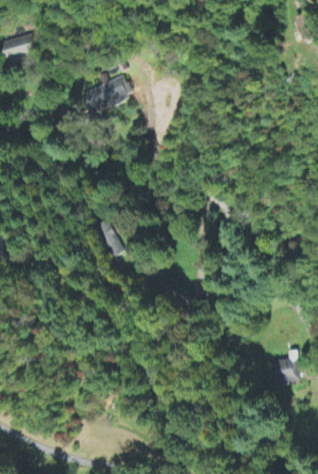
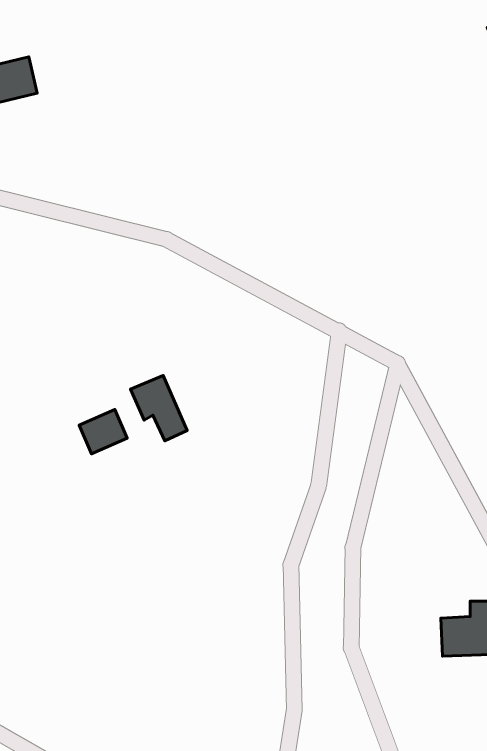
building: [82,78,123,111] -> none
building: none -> [79,410,127,454]

